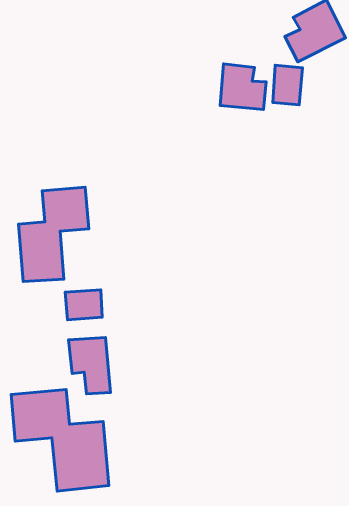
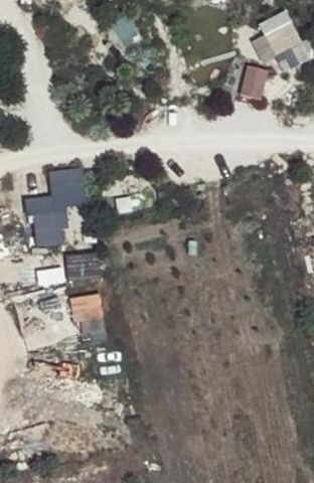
building: [220,64,266,109] -> none
building: [11,390,109,491] -> none

